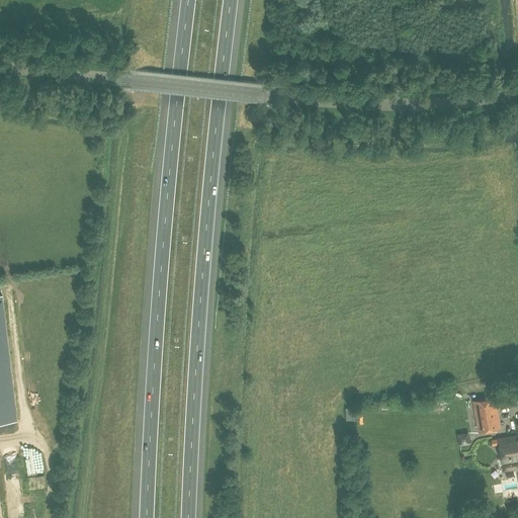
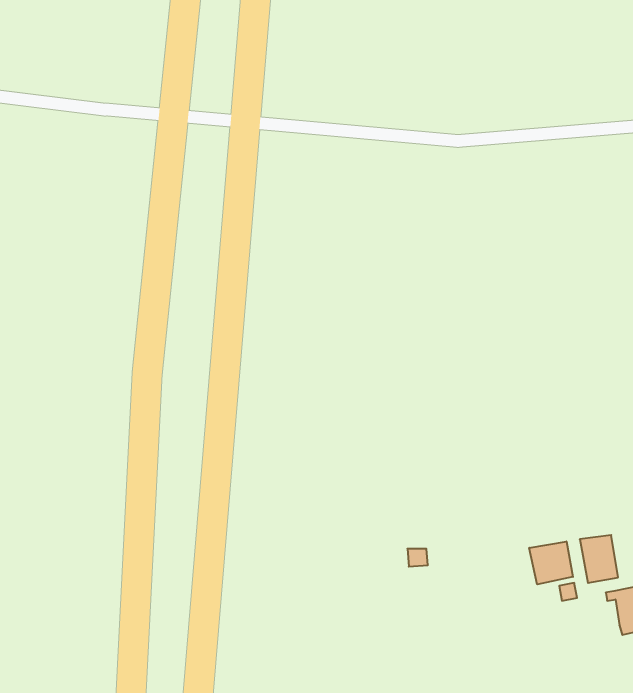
building: none -> [529,541,573,584]

